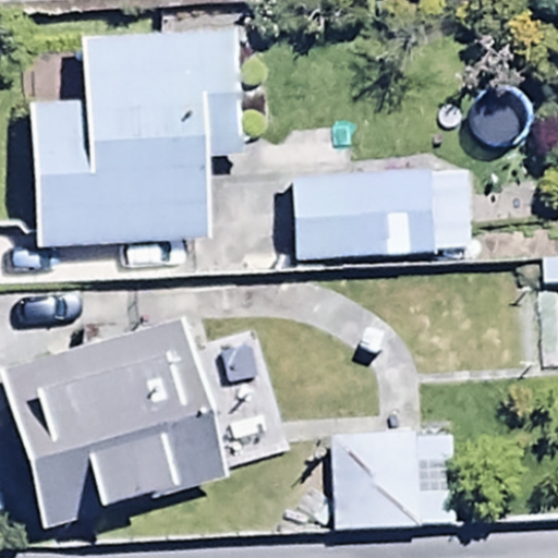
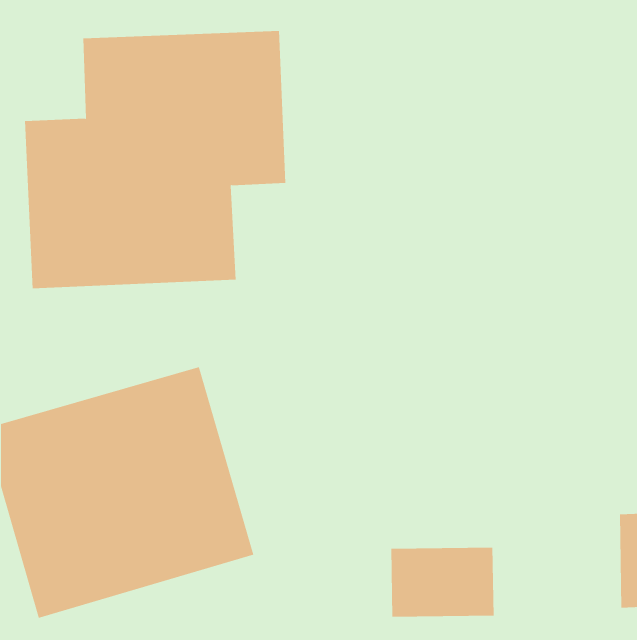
building: [292,171,480,255] -> none

